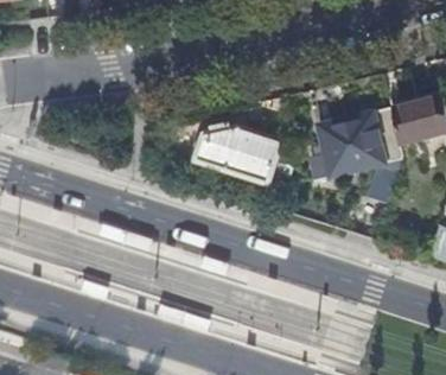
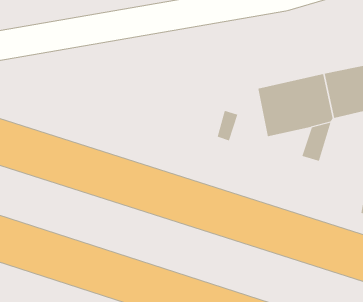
building: [196,128,279,183] -> none

